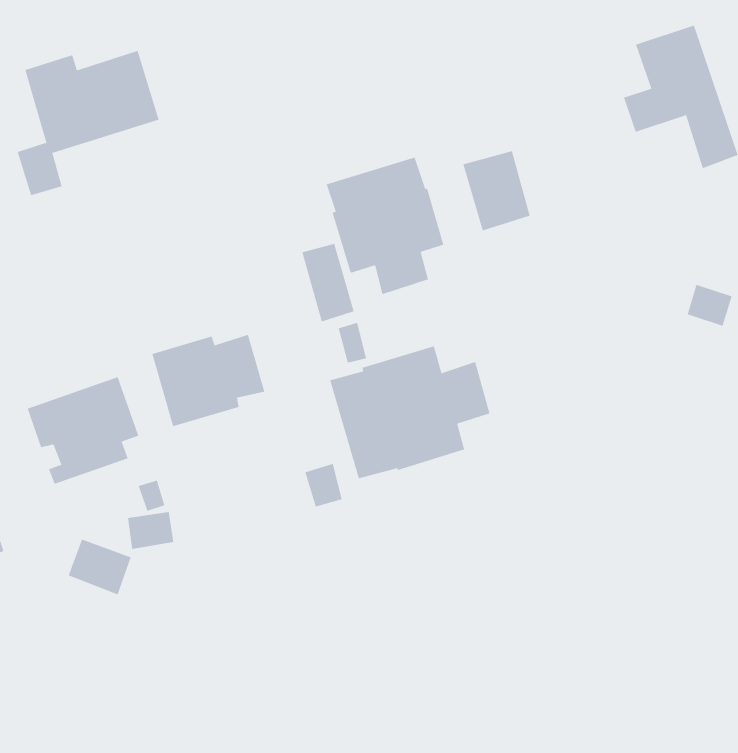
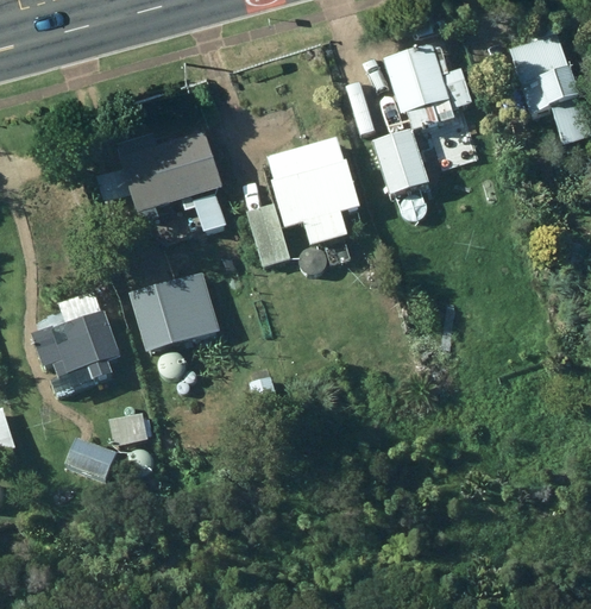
building: none -> [383,43,471,131]
building: [17,50,159,196] -> [111,131,222,245]
building: [329,346,490,479] -> none

